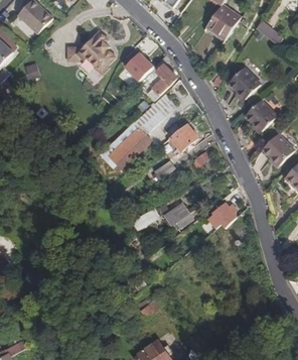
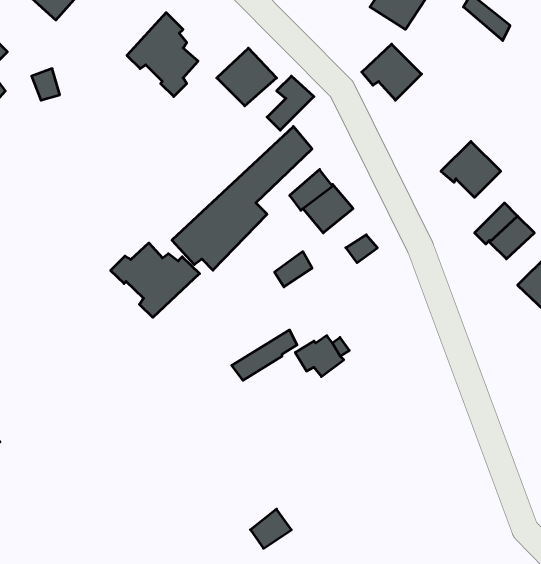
building: [227,69,259,99] -> [362,44,422,100]
building: none -> [111,243,200,317]
building: [209,202,237,228] -> none

